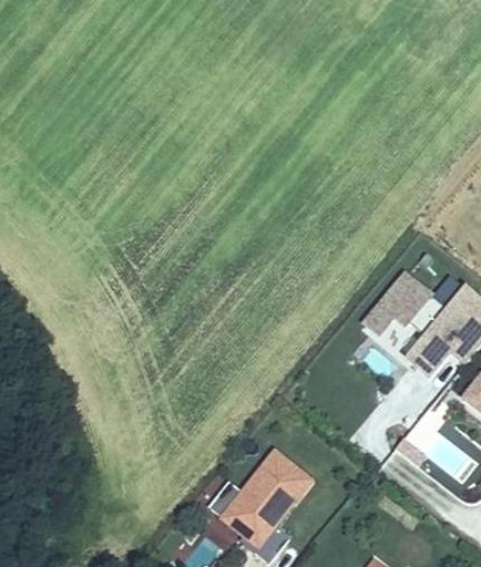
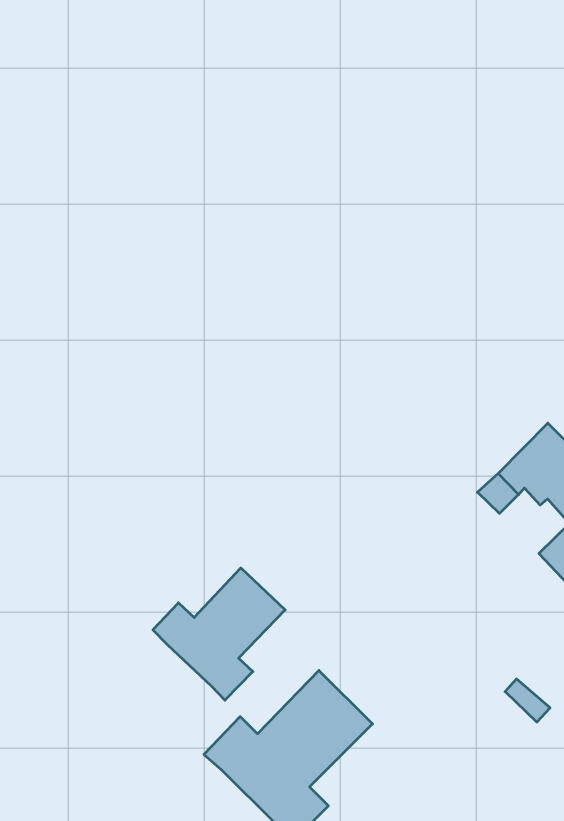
building: none -> [153,568,285,700]

